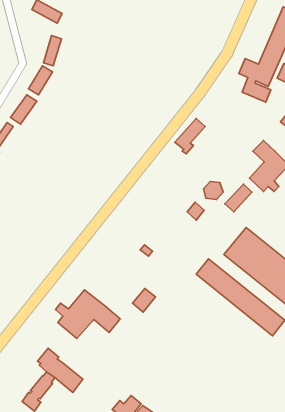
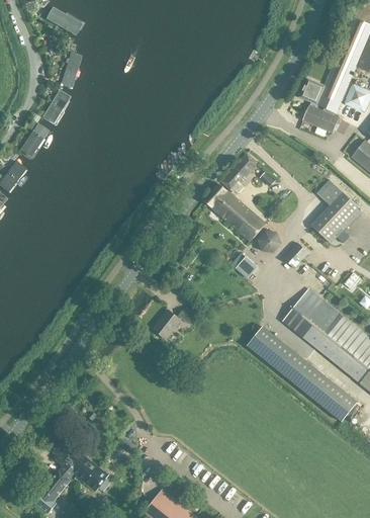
building: none -> [203,184,266,243]
building: [132,289,155,312] -> [153,311,181,340]
building: [56,290,120,339] -> none

